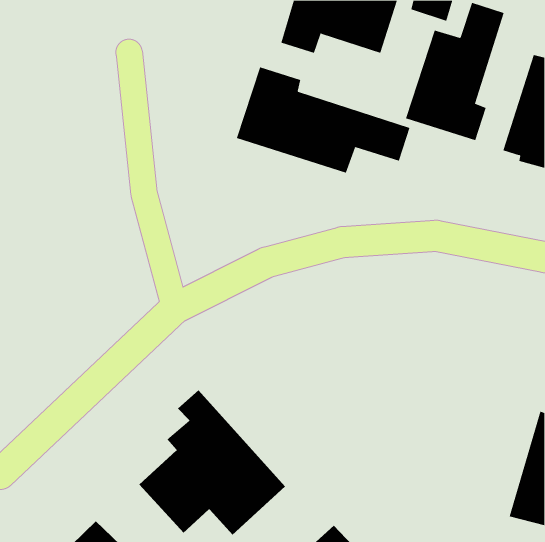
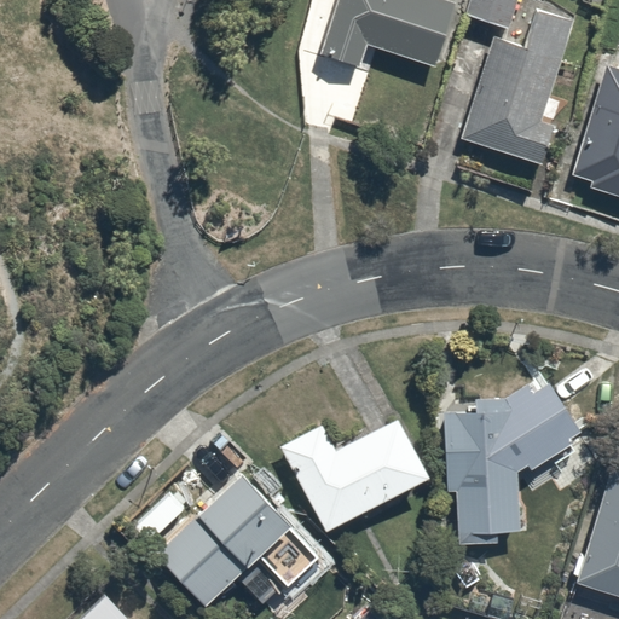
building: [236,66,410,174] -> none
building: none -> [445,377,578,545]
building: none -> [277,415,438,537]

